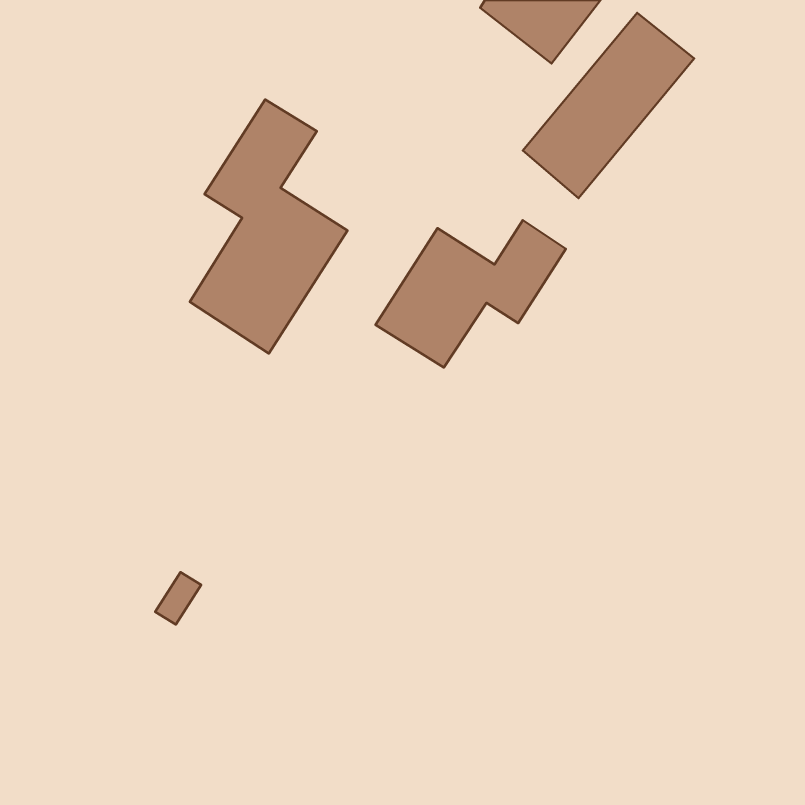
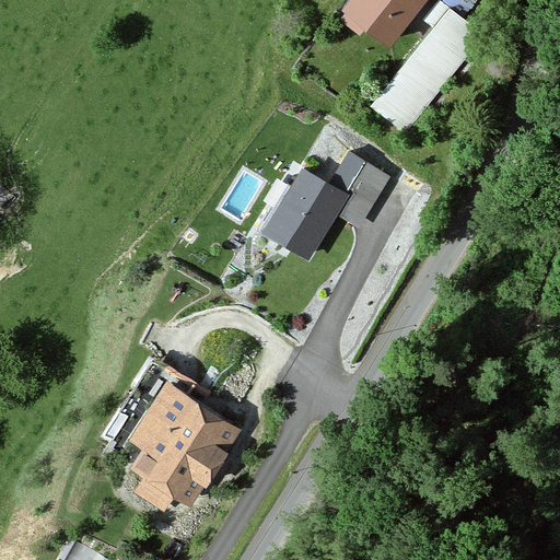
building: [190,100,348,354] -> none
building: none -> [117,375,244,510]

